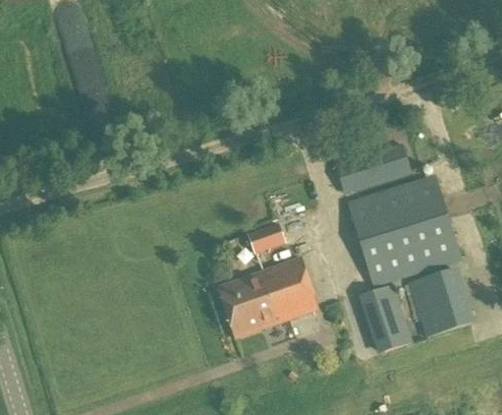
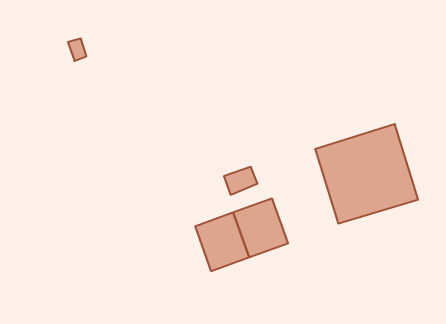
building: [335,143,409,191] -> none
building: [408,268,471,337] -> none
building: [358,283,412,352] -> none

